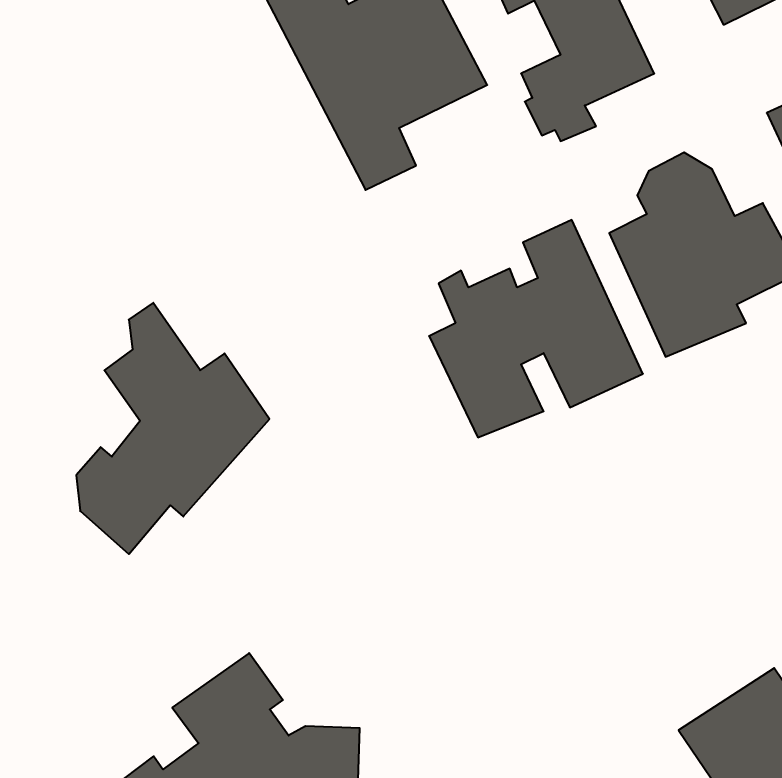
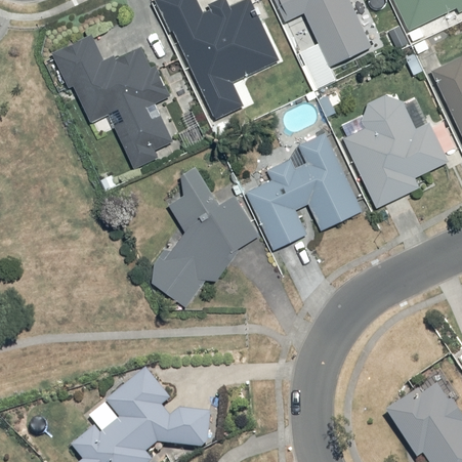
building: none -> [52,39,174,165]
building: [76,303,269,554] -> [154,168,259,305]

